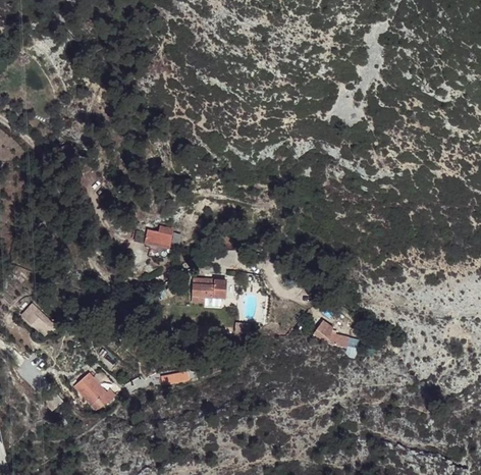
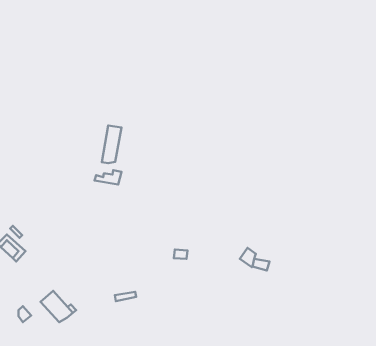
building: none -> [102,125,122,163]
building: [192,277,226,306] -> none

